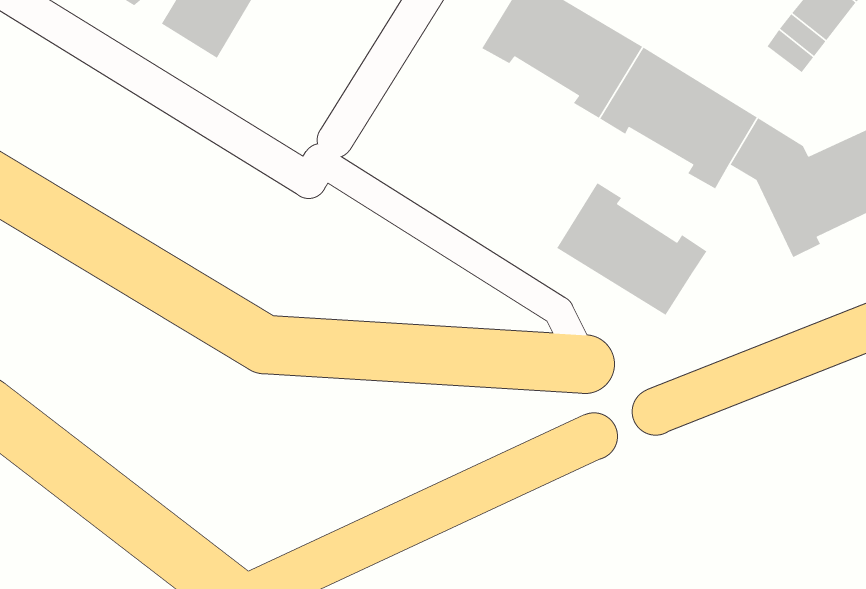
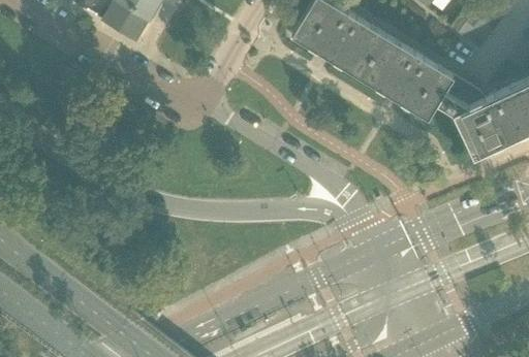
building: [556,182,708,316] -> none

